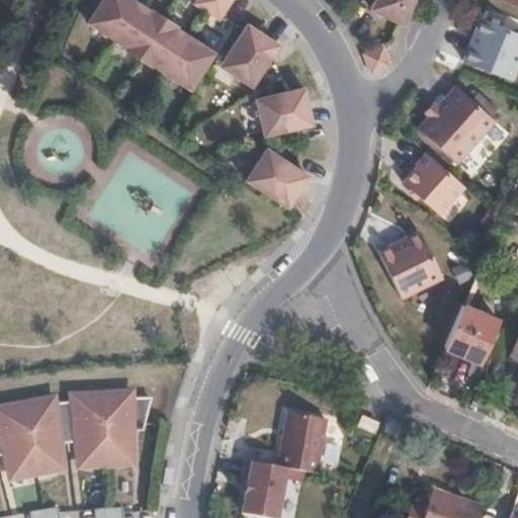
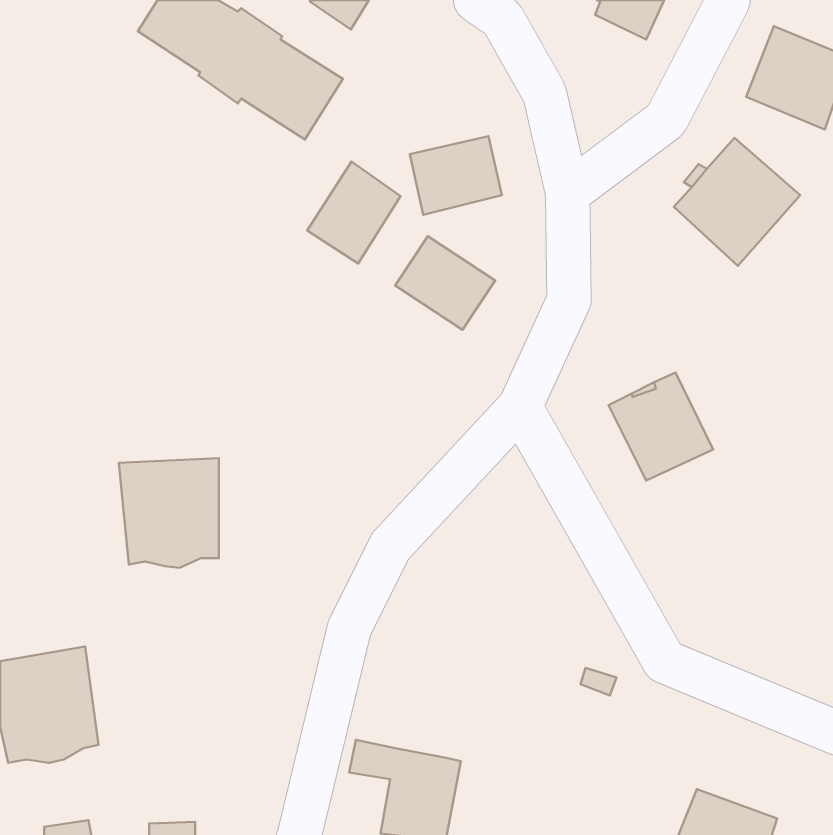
building: [221,22,278,85] -> [307,162,401,263]
building: [403,152,464,214] -> none
building: [445,306,499,363] -> none
building: [71,396,133,463] -> [119,458,219,568]
building: [278,415,327,477] -> none

